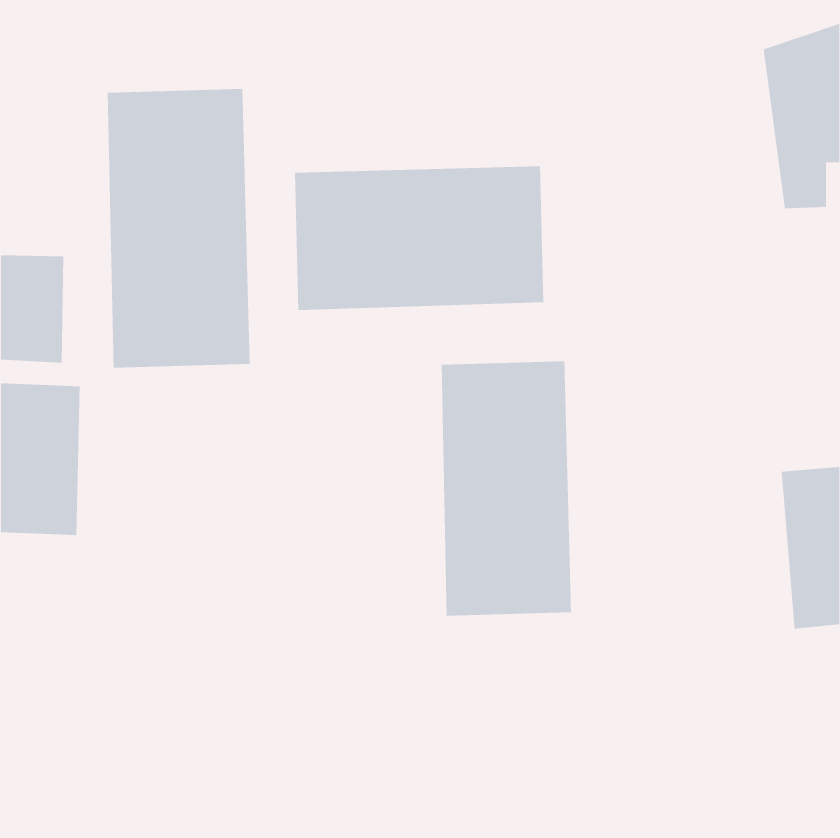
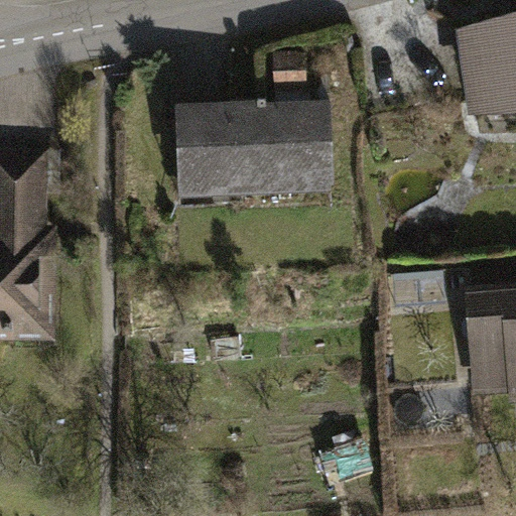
building: [107,88,250,368] -> none
building: [441,361,571,617] -> none

